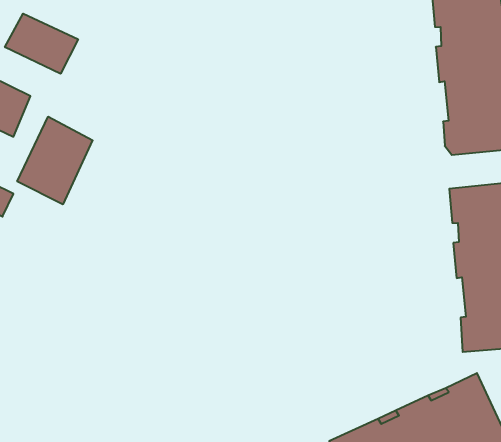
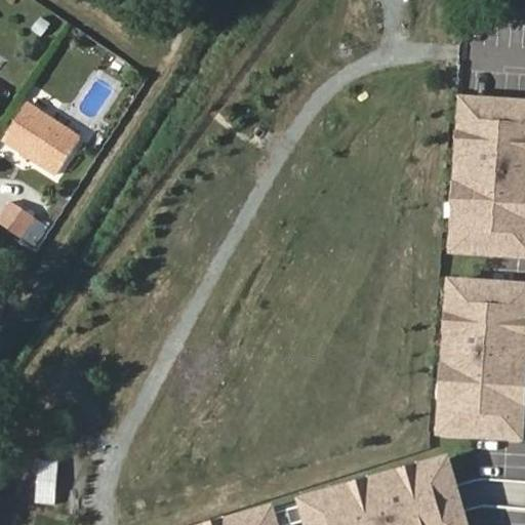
building: [5,14,78,74] -> none
building: [17,117,93,204] -> none

